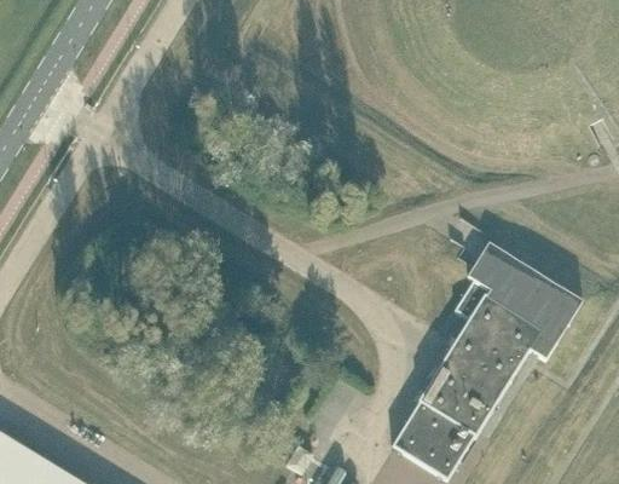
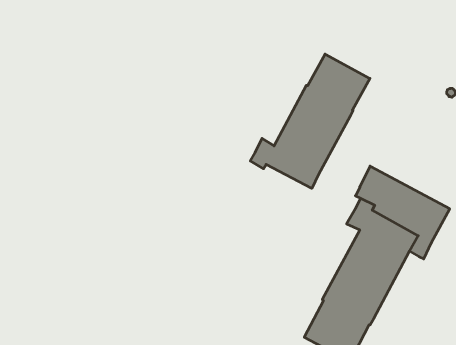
building: none -> [250,54,370,188]

